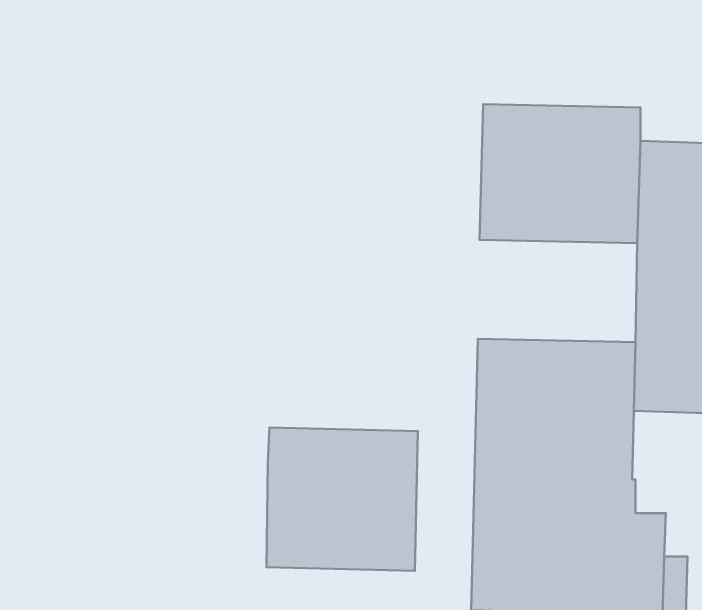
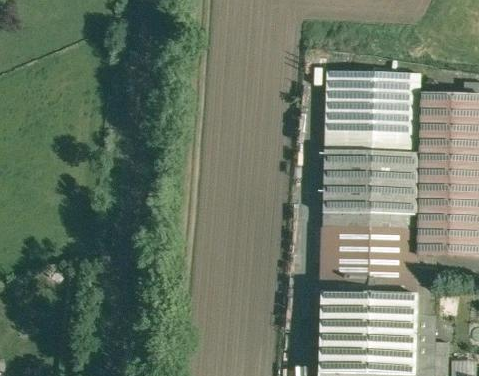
building: none -> [323,153,418,214]
building: [266,428,418,571] -> none

